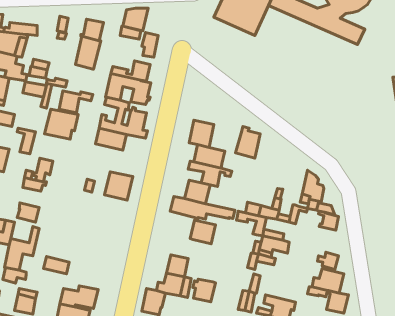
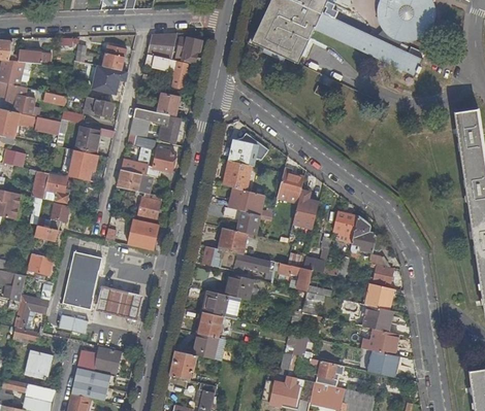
building: none -> [174,37,199,63]
building: none -> [83,96,114,115]
building: none -> [228,140,257,165]
building: none -> [42,173,69,204]
building: none -> [292,190,318,228]
building: none -> [136,196,160,219]
building: none -> [332,210,358,240]
building: none -> [62,250,102,309]
building: none -> [363,283,394,310]
building: none -> [96,285,141,319]
building: [193,279,215,302] -> [201,290,227,316]

